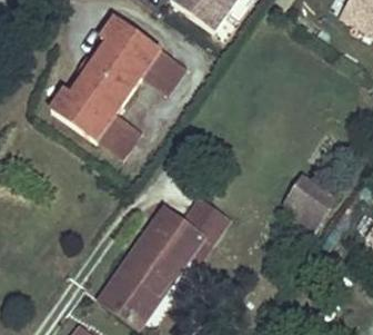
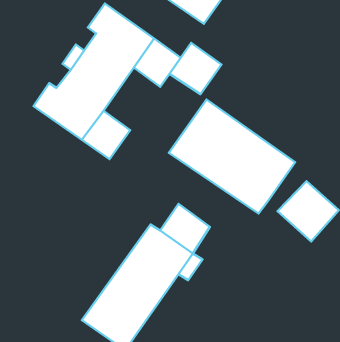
building: none -> [169,43,222,94]
building: none -> [169,100,295,213]

